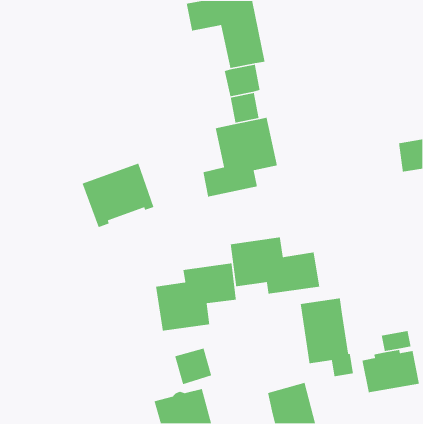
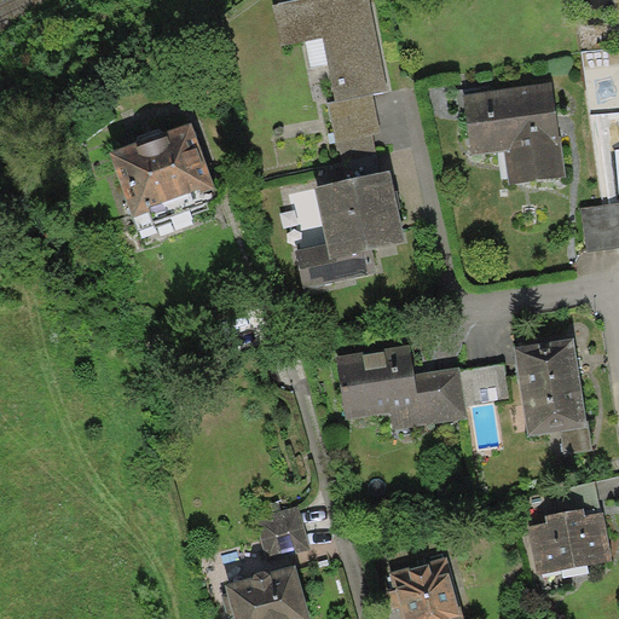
building: none -> [461,82,566,185]
building: [82,163,155,228] -> [108,122,214,218]
building: none -> [458,363,508,404]
building: [155,262,237,332] -> none
building: [300,298,354,377] -> [514,339,592,455]

